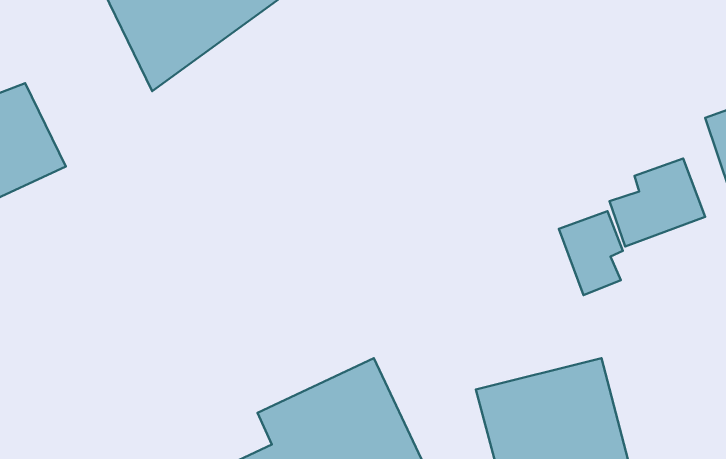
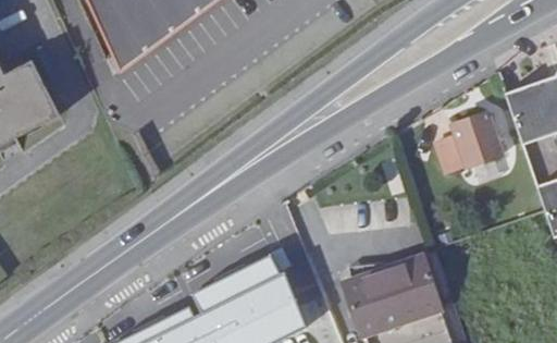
building: [559,211,623,295] -> none

